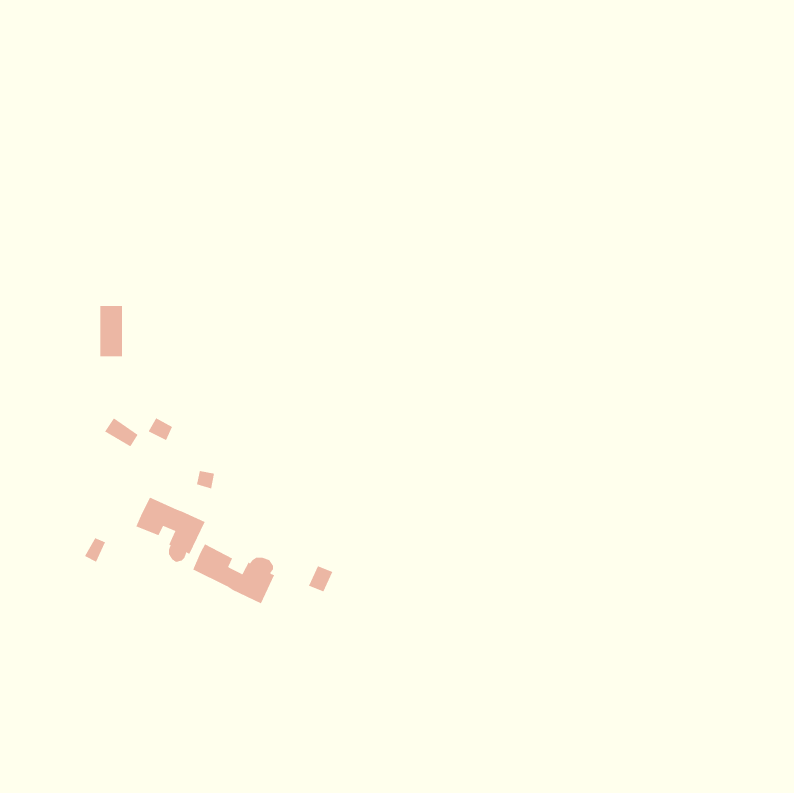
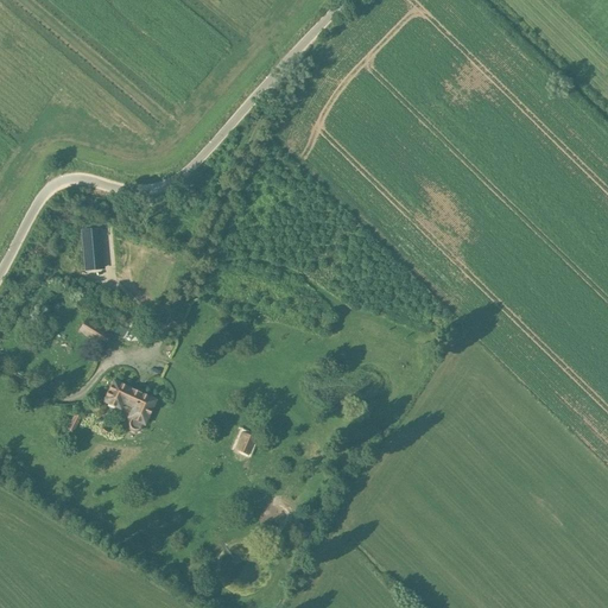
building: [192,544,275,604] -> none

